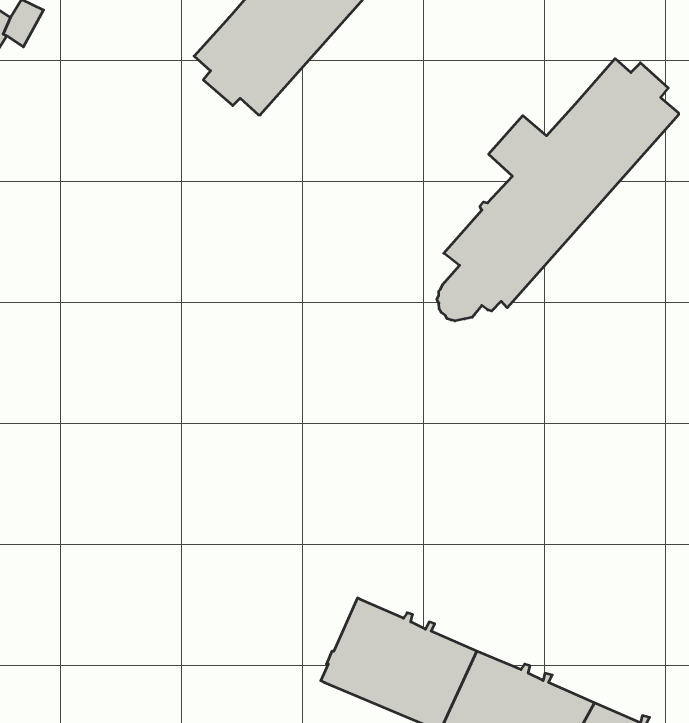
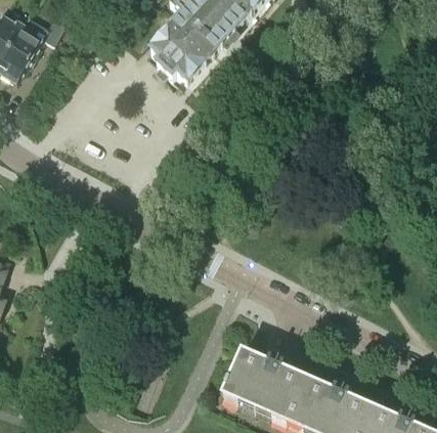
building: [437,59,678,321] -> none

